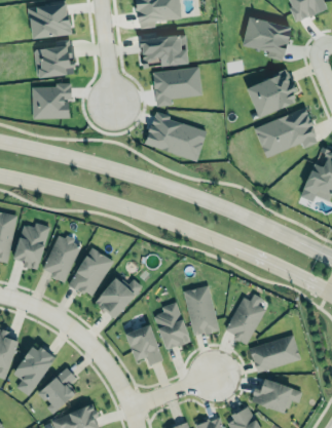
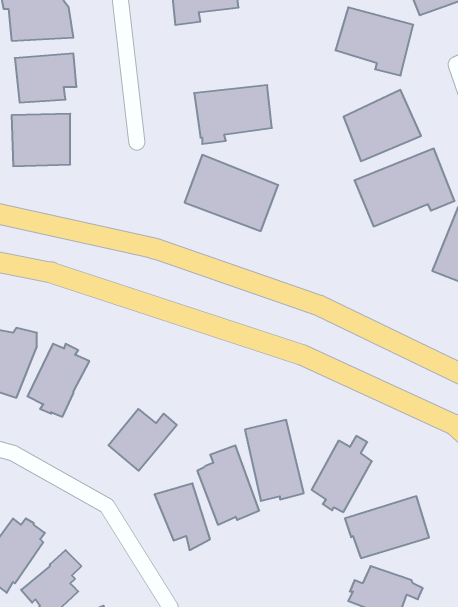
building: [139,35,188,67] -> none
building: [71,248,111,298] -> none

